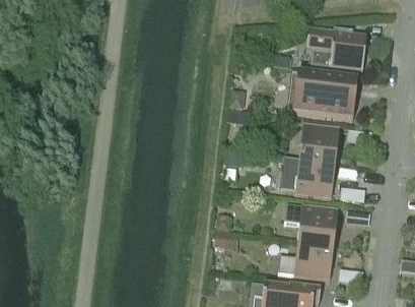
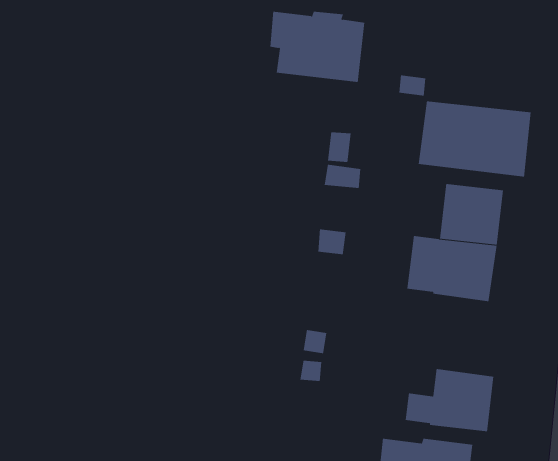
building: [308,27,368,72] -> [269,11,365,82]
building: [286,204,340,245] -> none

